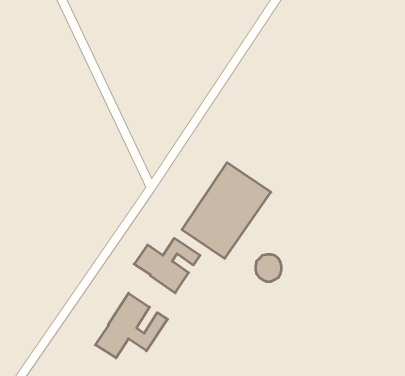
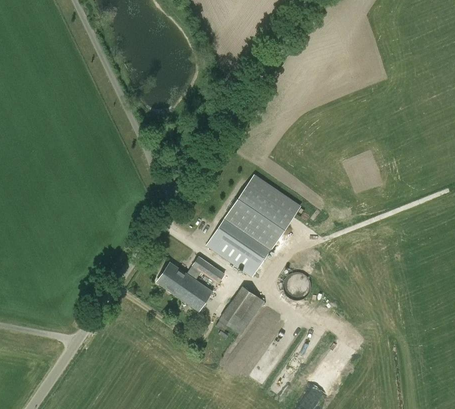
building: none -> [215,284,264,334]
building: [95,293,168,358] -> none

